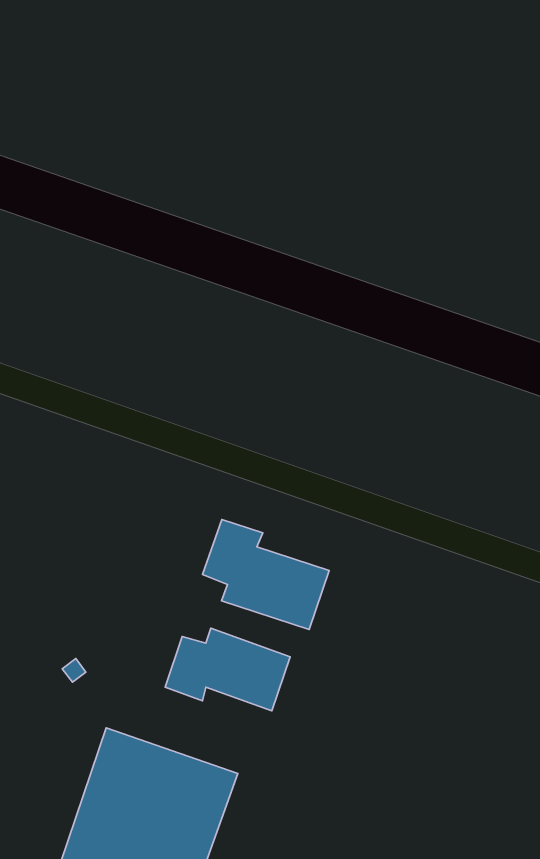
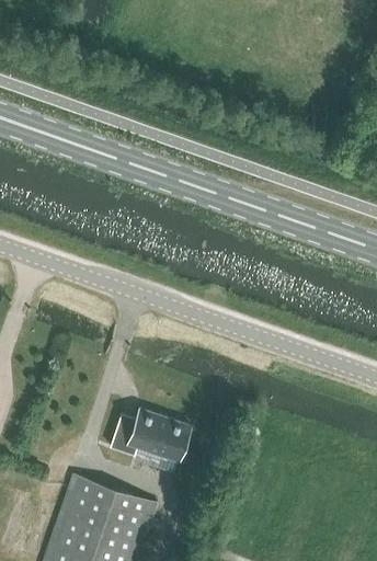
building: [202,520,329,629] -> none

